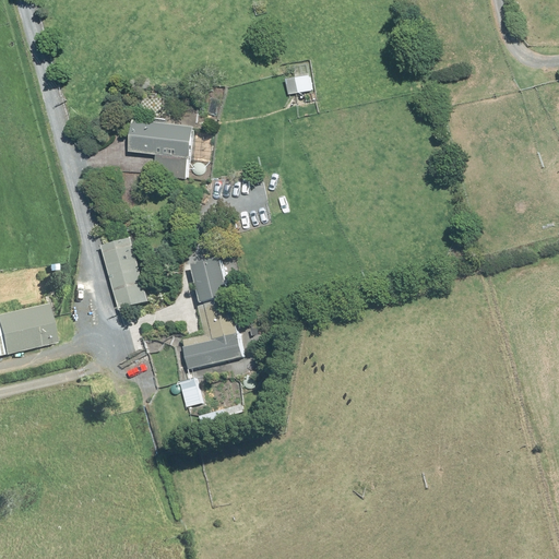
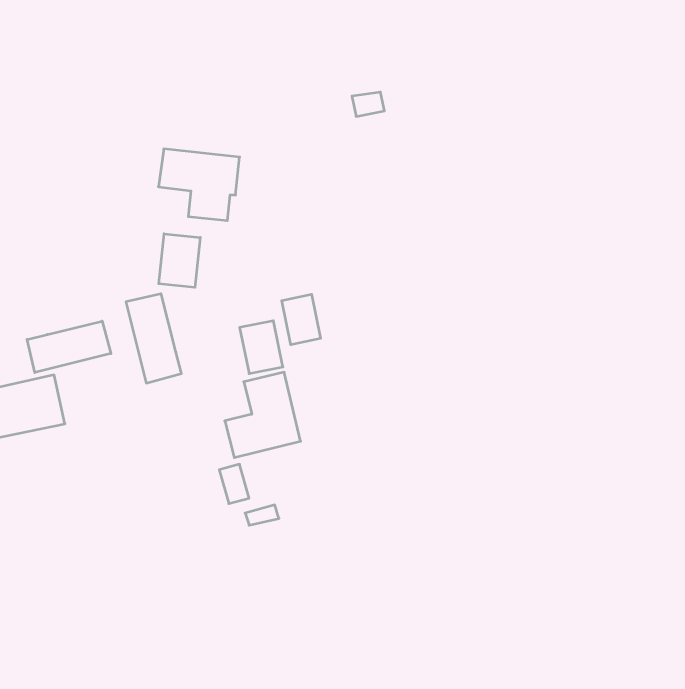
building: none -> [159,234,200,287]
building: none -> [282,294,321,345]
building: none -> [27,321,111,373]

